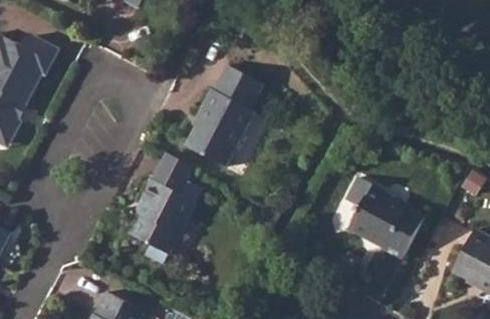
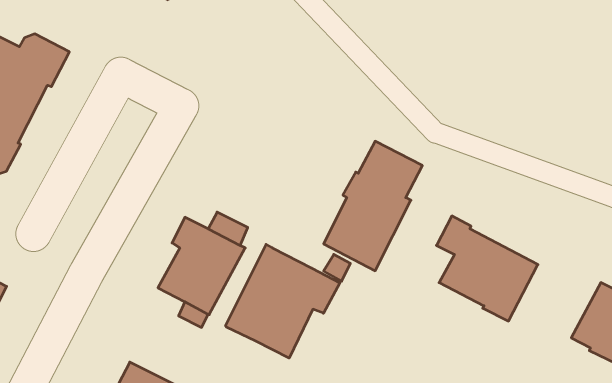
building: [185,64,262,166] -> [324,141,422,271]
building: none -> [226,244,340,358]

